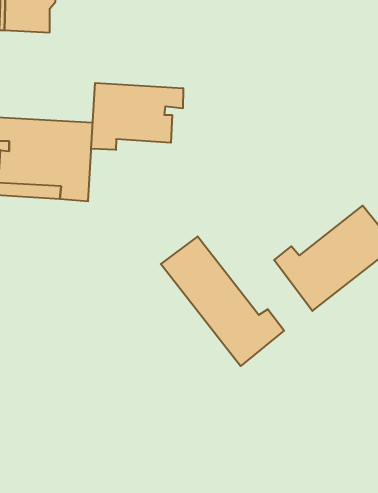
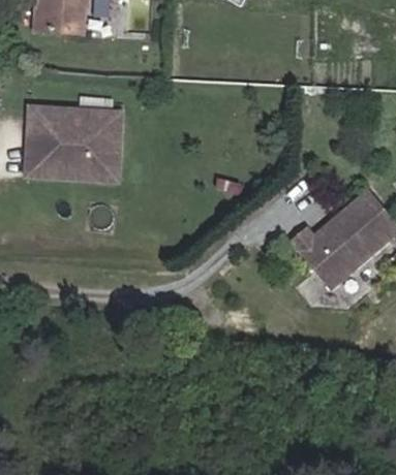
building: [91,83,183,150] -> none
building: [161,236,284,366] -> none

